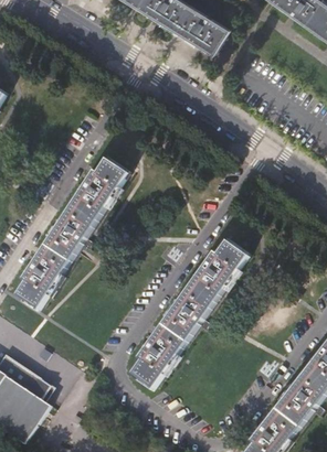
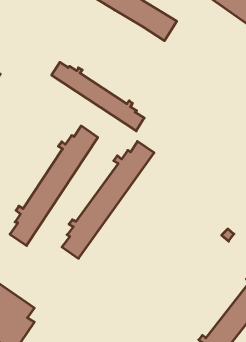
building: none -> [52,62,144,131]
building: [130,240,246,387] -> [62,141,154,258]

